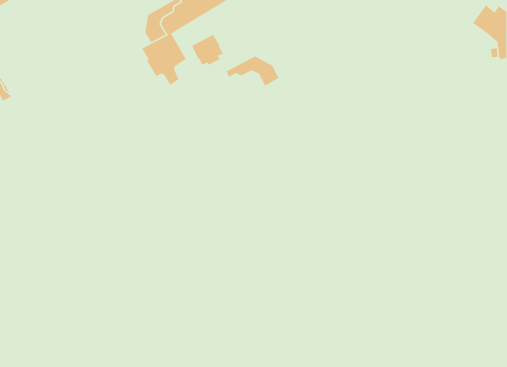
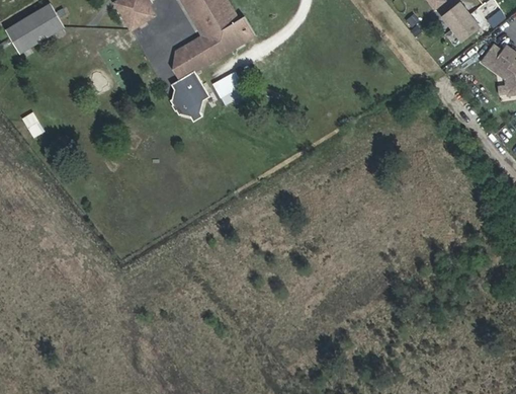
building: [226,56,279,87] -> none

